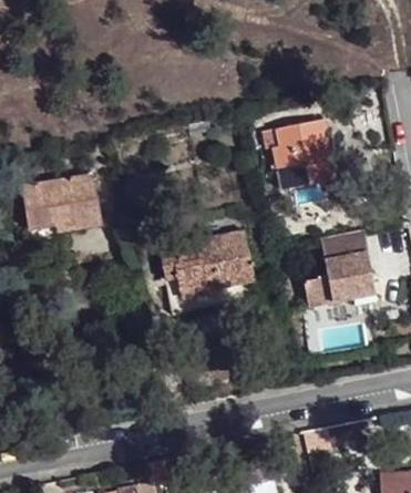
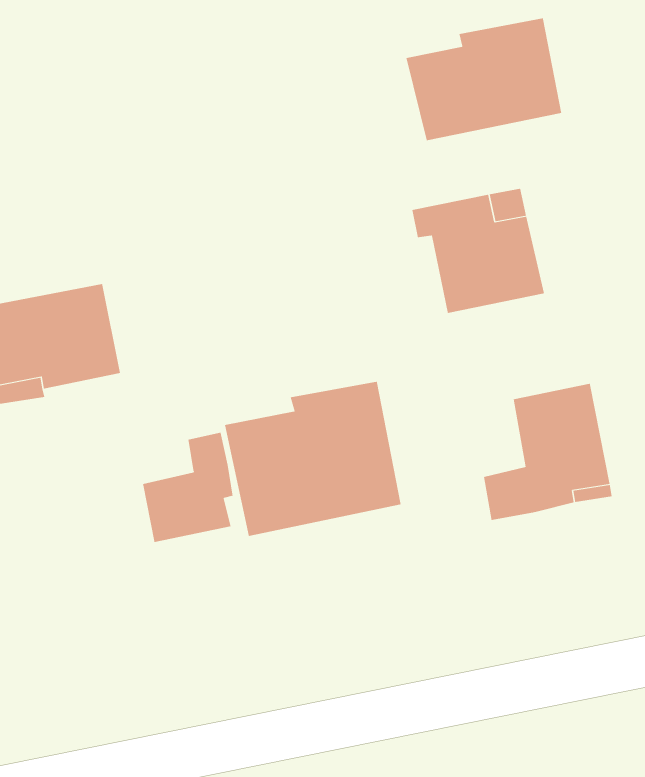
building: none -> [406,17,562,141]
building: none -> [142,432,233,543]

